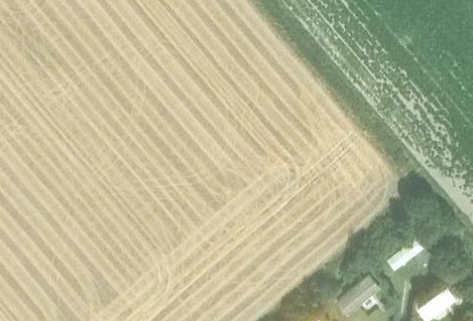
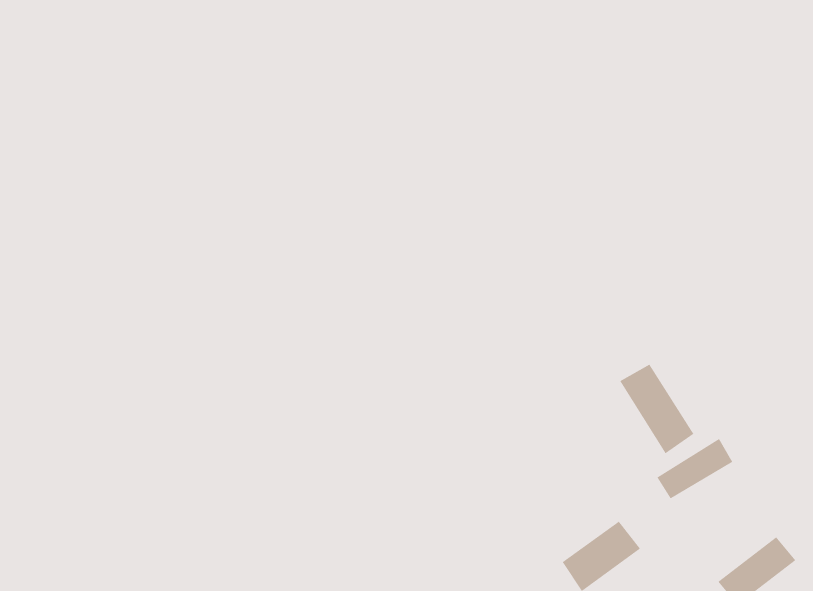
building: none -> [620,364,694,454]

